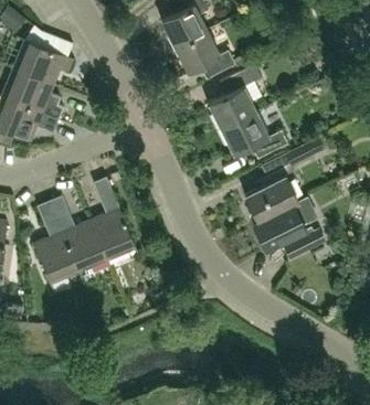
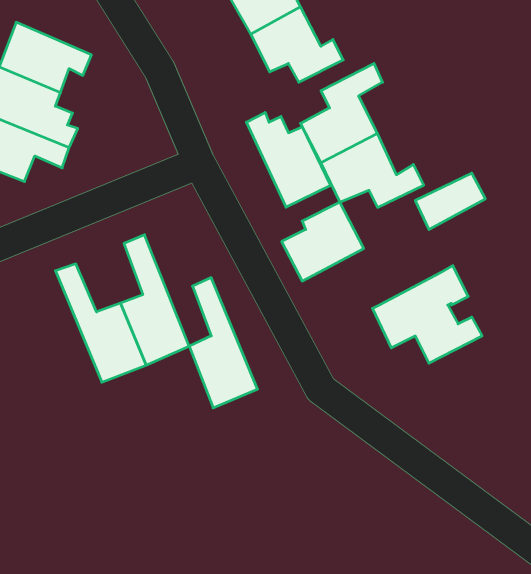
building: none -> [246,112,330,207]
building: [245,170,298,221] -> [282,202,364,281]
building: [35,199,80,283] -> [189,278,258,408]

